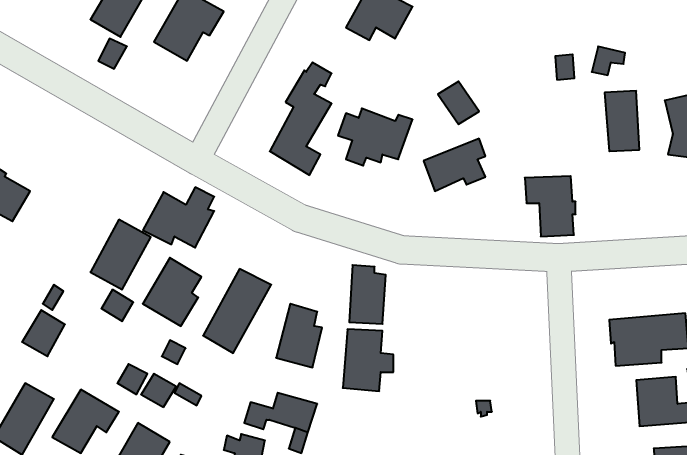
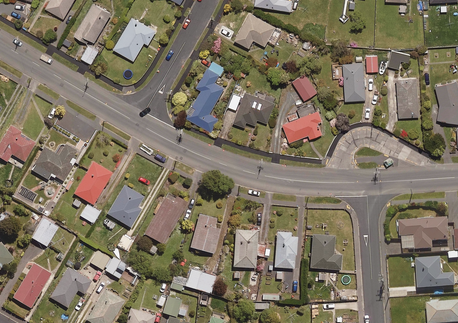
building: [525,176,576,236] -> [335,62,367,100]
building: [143,187,214,248] -> [30,143,75,181]
building: [349,265,386,324] -> [274,231,297,268]
building: none -> [310,234,341,270]

